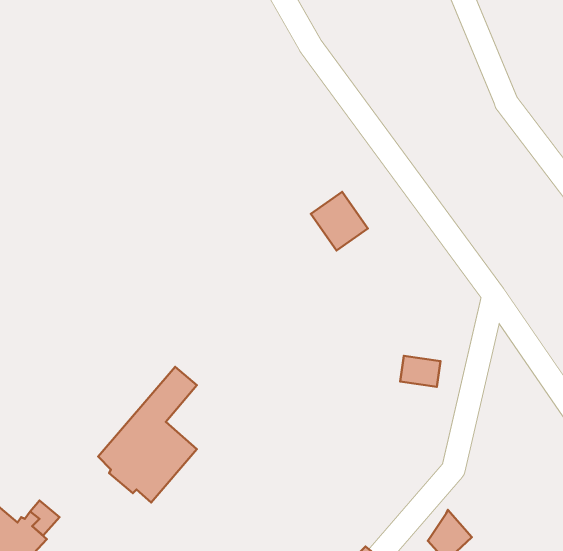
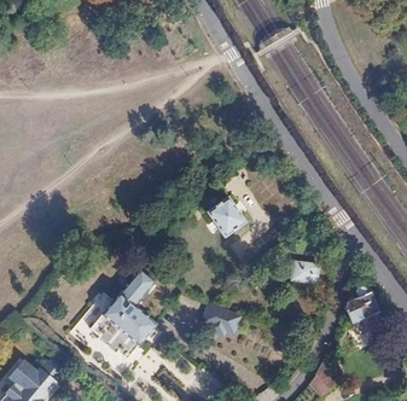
building: [311,192,368,250] -> [209,197,246,236]
building: none -> [345,285,383,332]
building: none -> [205,302,240,332]

